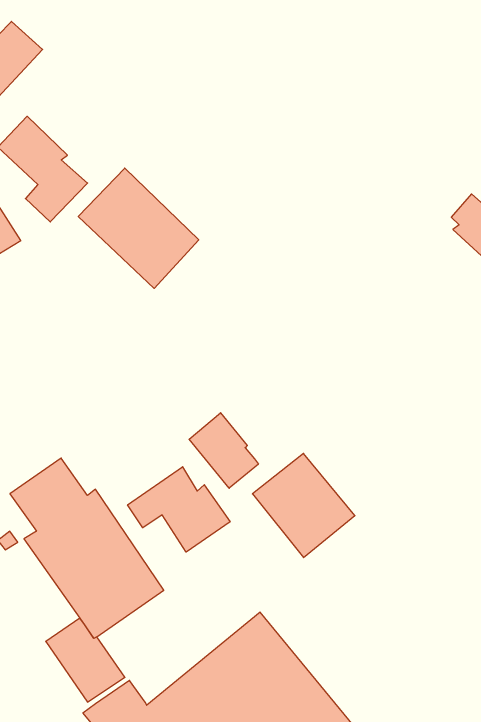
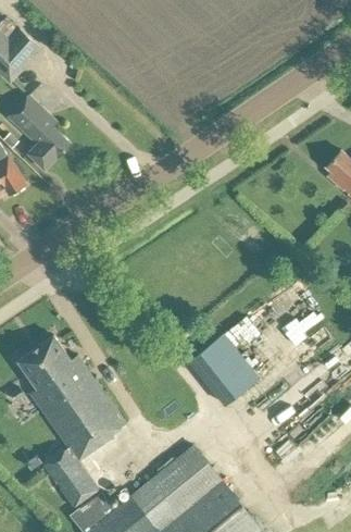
building: [78,168,199,288] -> none
building: [189,413,258,488] -> none
building: [128,467,230,552] -> none

